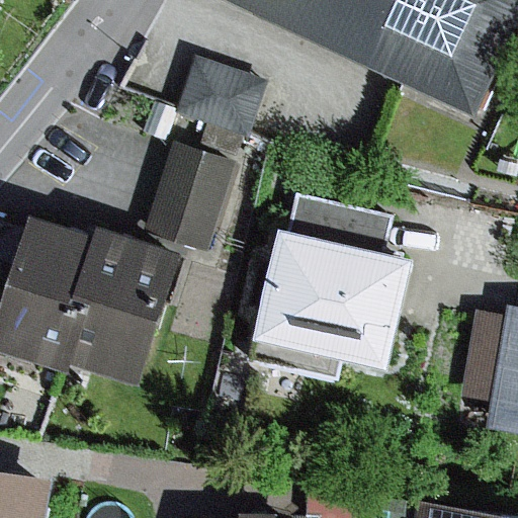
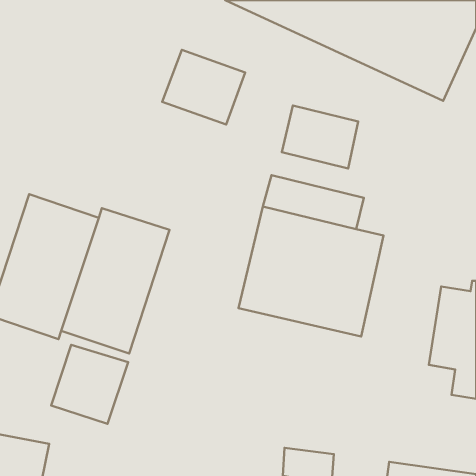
building: none -> [282,106,358,168]
building: [144,145,235,250] -> none
building: none -> [51,345,128,424]

